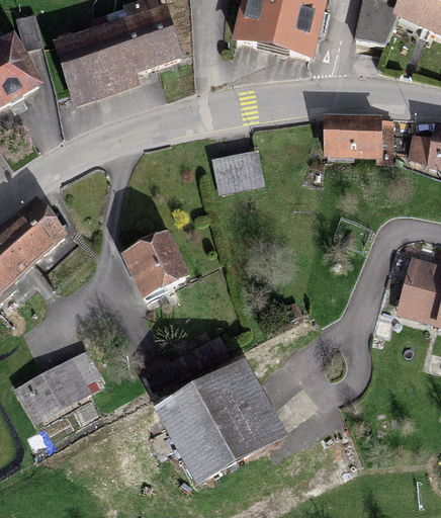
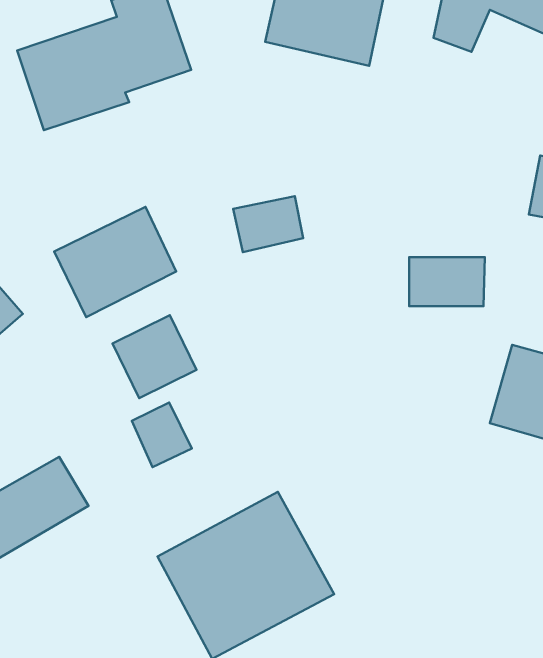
building: [326,119,380,155] -> [409,257,485,306]
building: none -> [54,207,176,317]
building: none -> [132,402,192,467]

